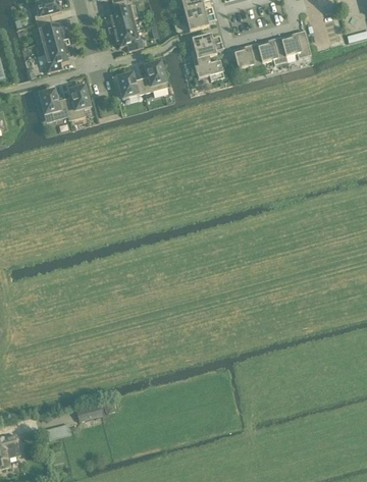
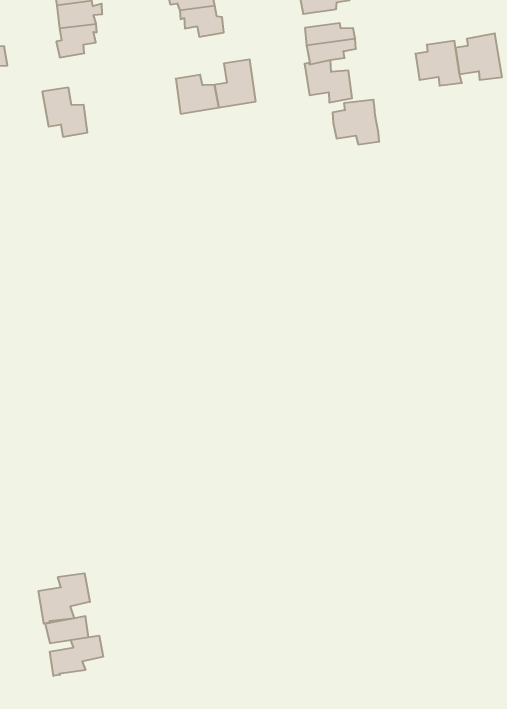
building: [233,42,263,69] -> [333,100,379,144]
building: [64,85,90,118] -> none
building: none -> [39,573,90,624]
building: none -> [50,636,103,676]

